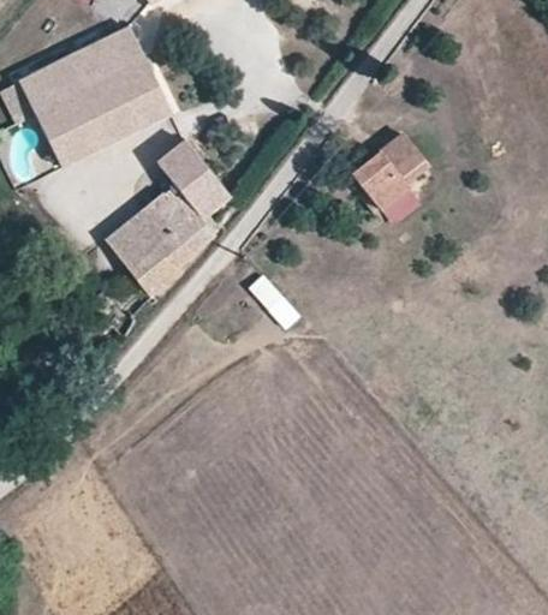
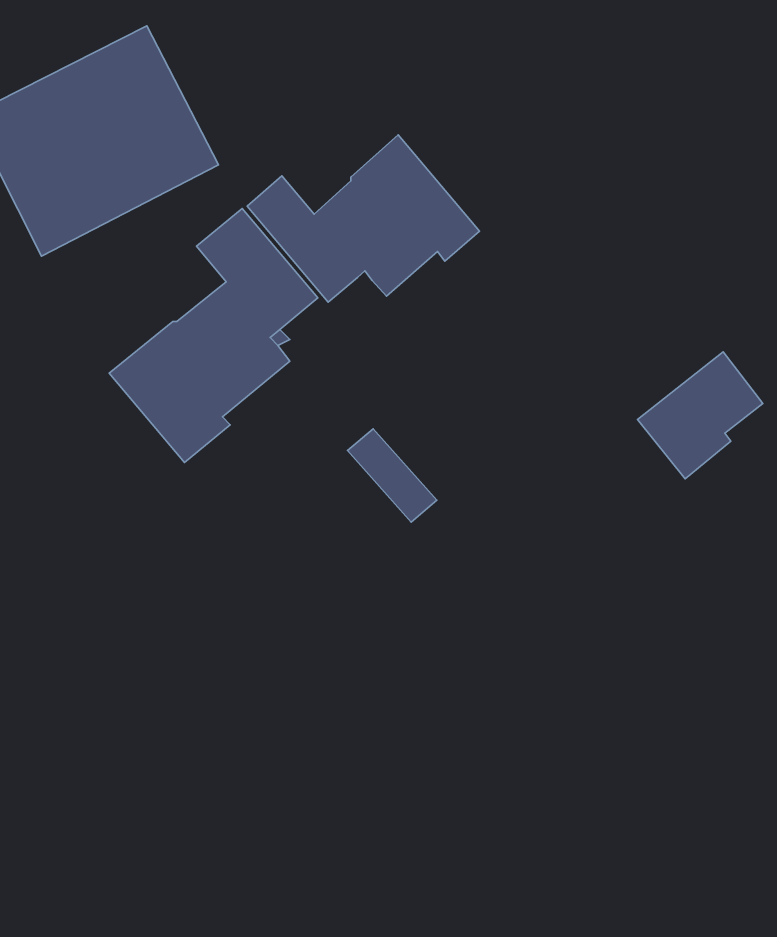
building: none -> [247,135,479,302]
building: [353,132,429,209] -> [638,352,763,479]

